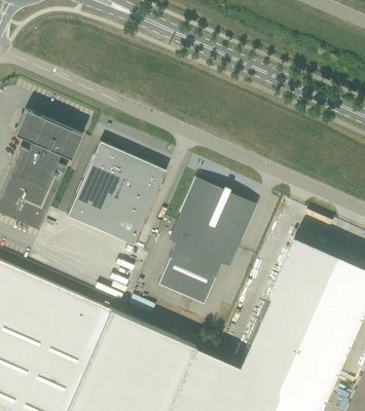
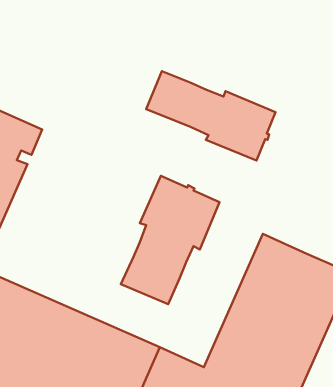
building: none -> [146,71,275,160]
building: [67,142,166,246] -> none

